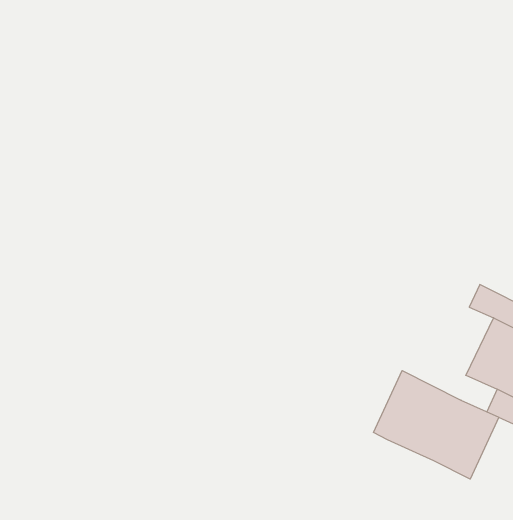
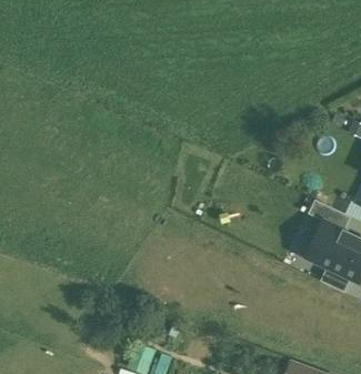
building: [373,371,499,479] -> none

